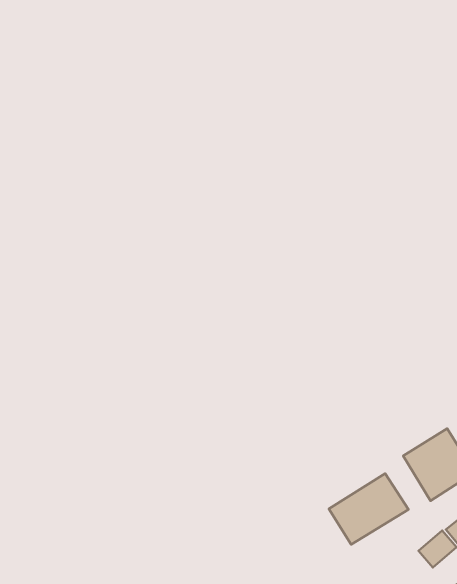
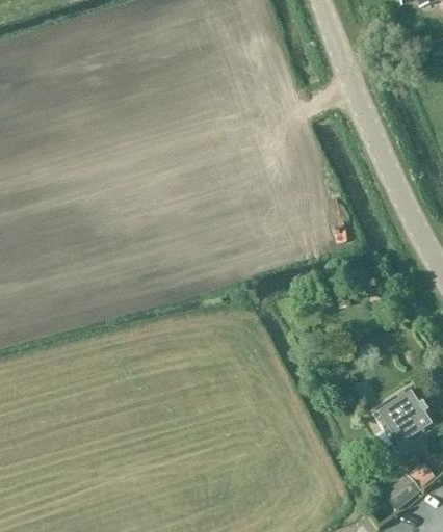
building: [329,474,409,544] -> none

